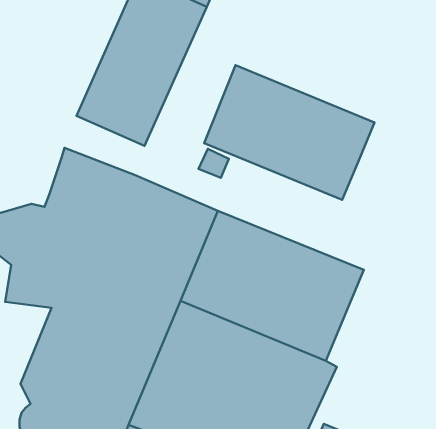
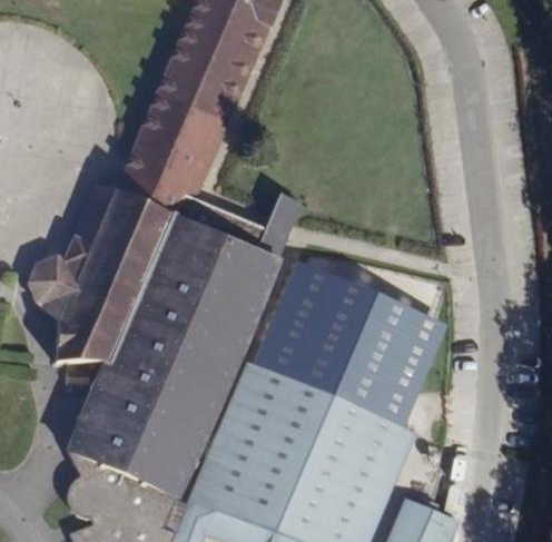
building: [204,65,374,200] -> none
building: none -> [115,154,204,219]

